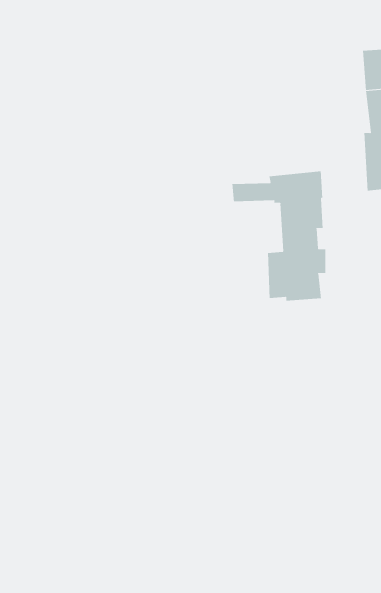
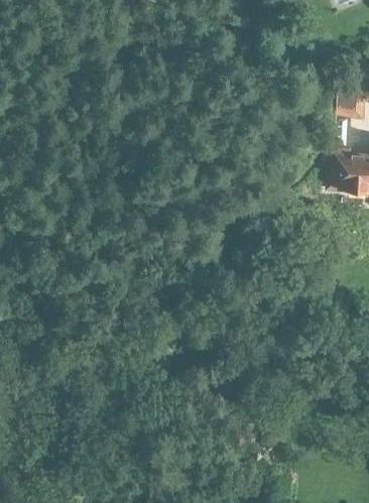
building: [232,171,326,301] -> none

